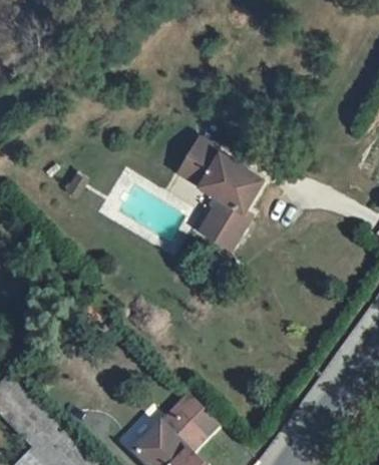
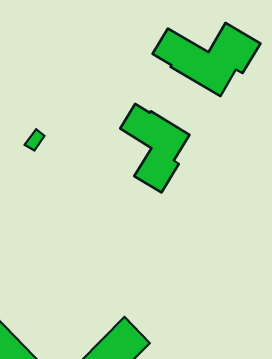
building: none -> [153,23,260,96]

